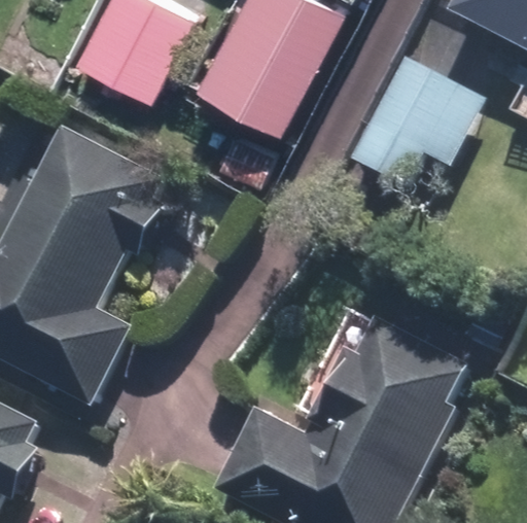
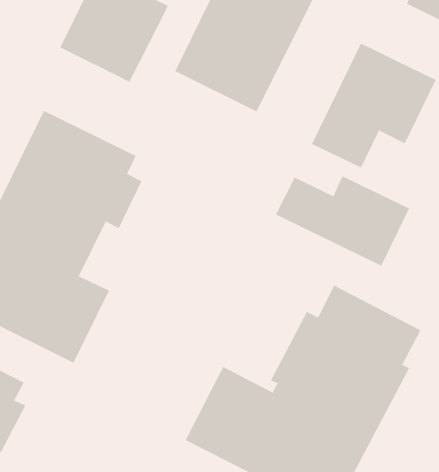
building: none -> [275,175,410,266]

